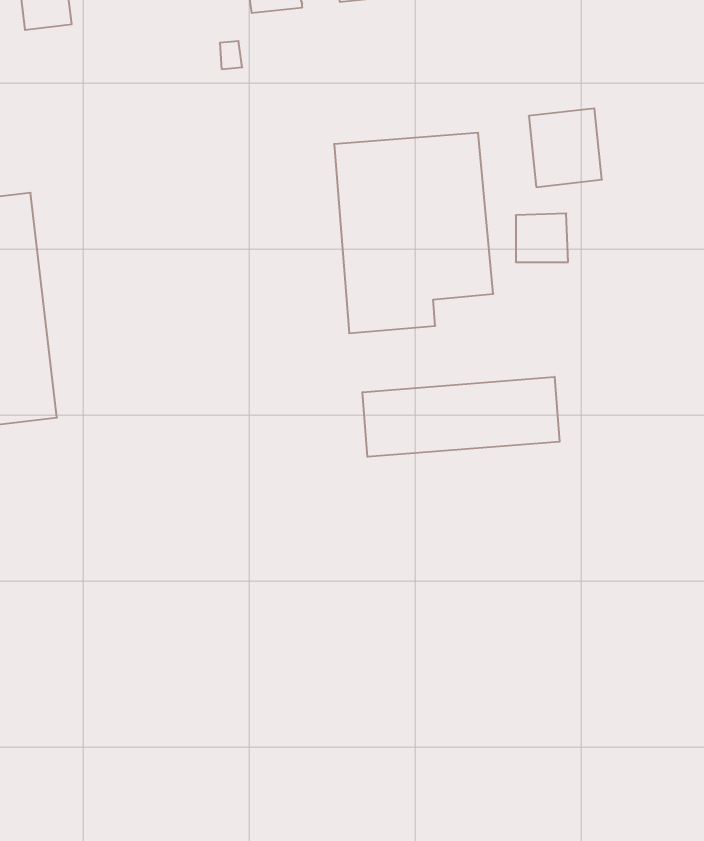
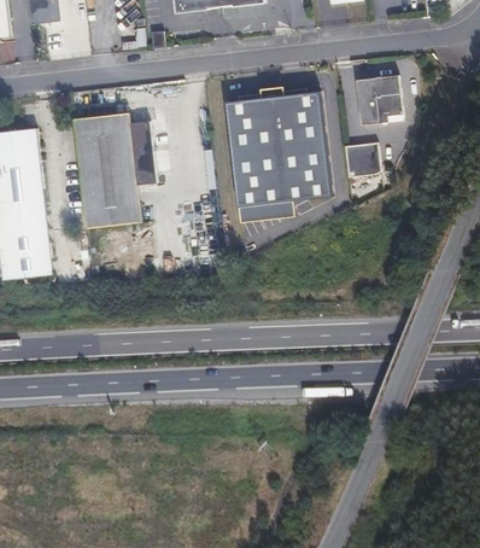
building: none -> [72,112,154,227]
building: [363,377,560,457] -> none

